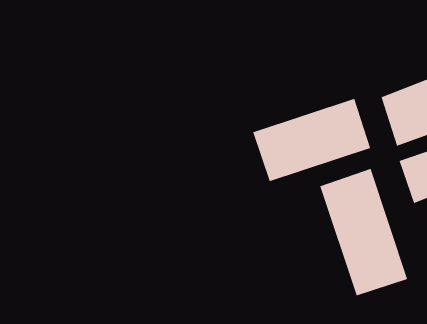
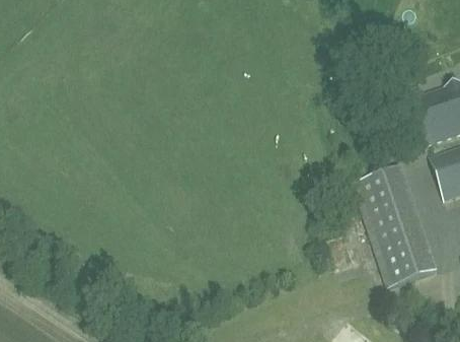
building: [252,98,371,182] -> none

